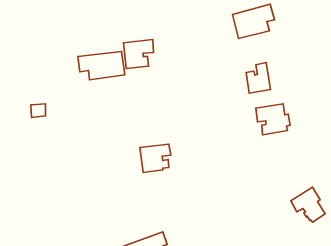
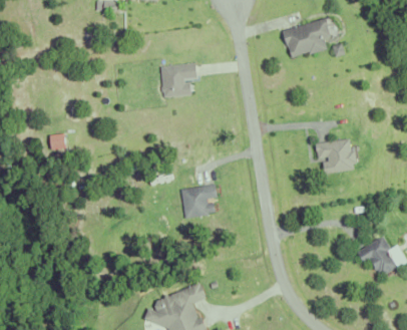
building: [78,51,125,80] -> none
building: [246,63,270,93] -> none

